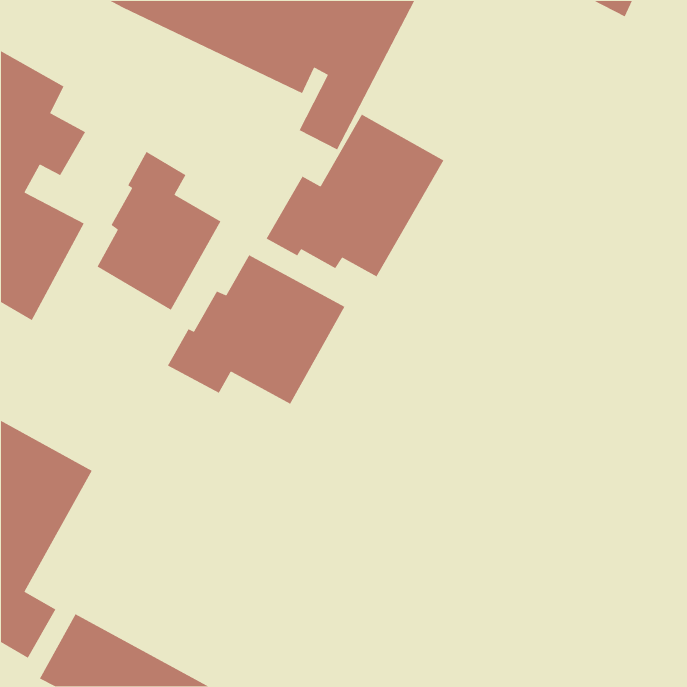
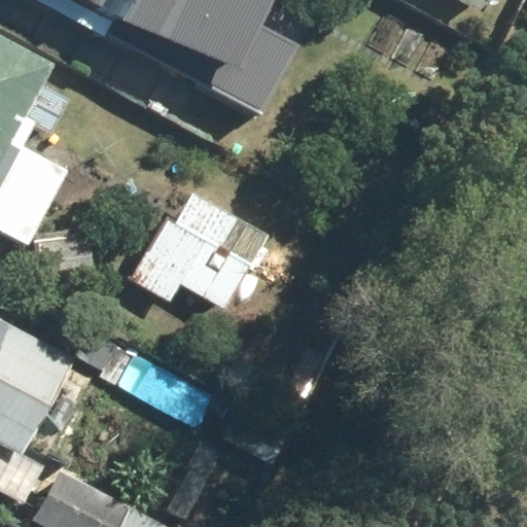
building: [265,114,444,278] -> none
building: [96,151,221,311] -> none

